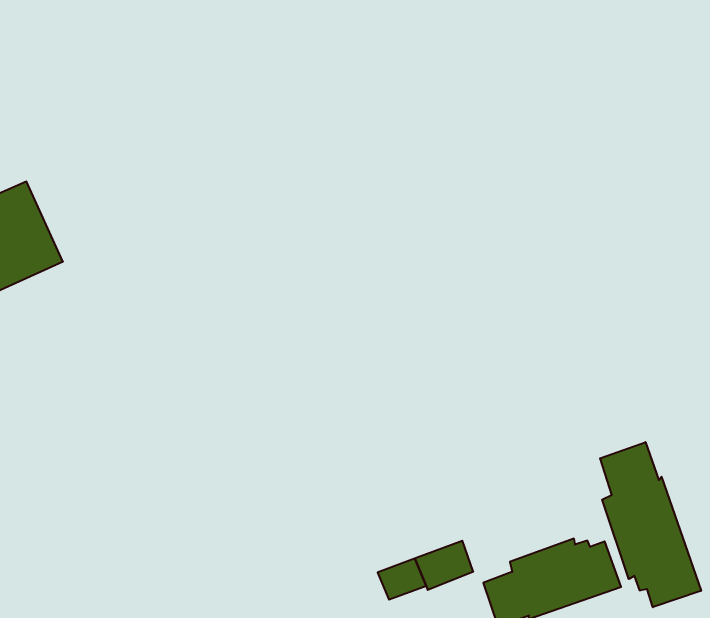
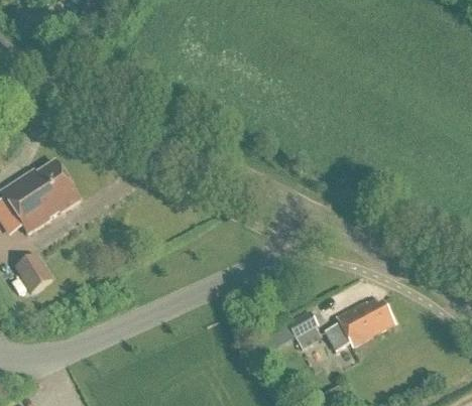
building: [600,442,701,607] -> none

